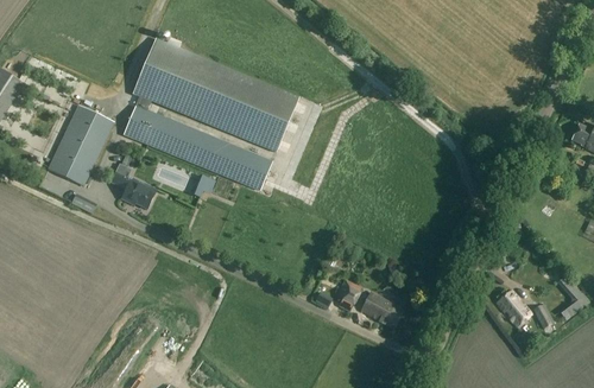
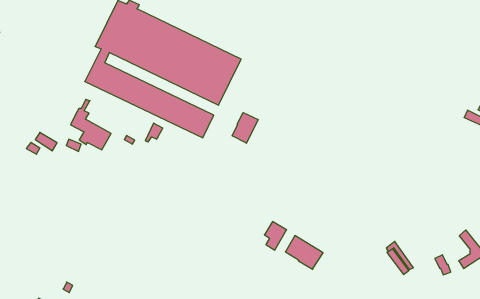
building: [46,104,113,186] -> none
building: none -> [232,113,258,143]
building: [495,290,530,325] -> none

